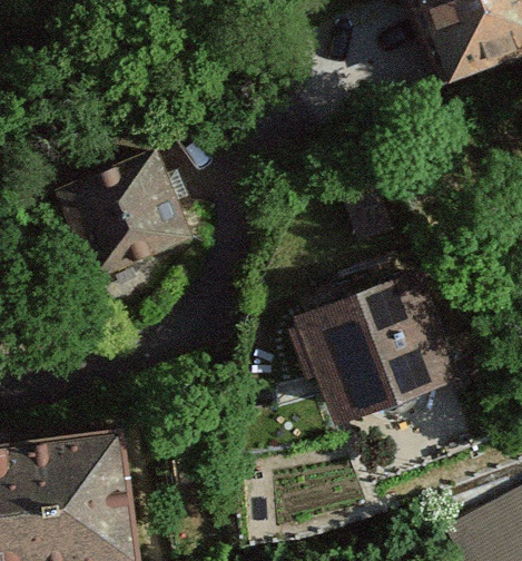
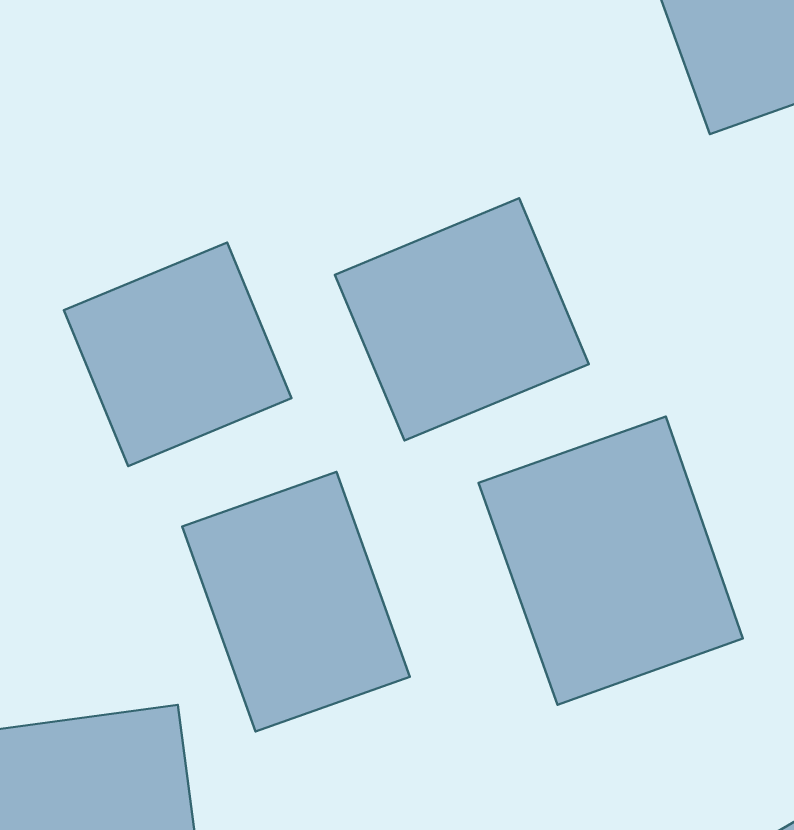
building: none -> [335,198,589,441]
building: none -> [182,472,410,732]

